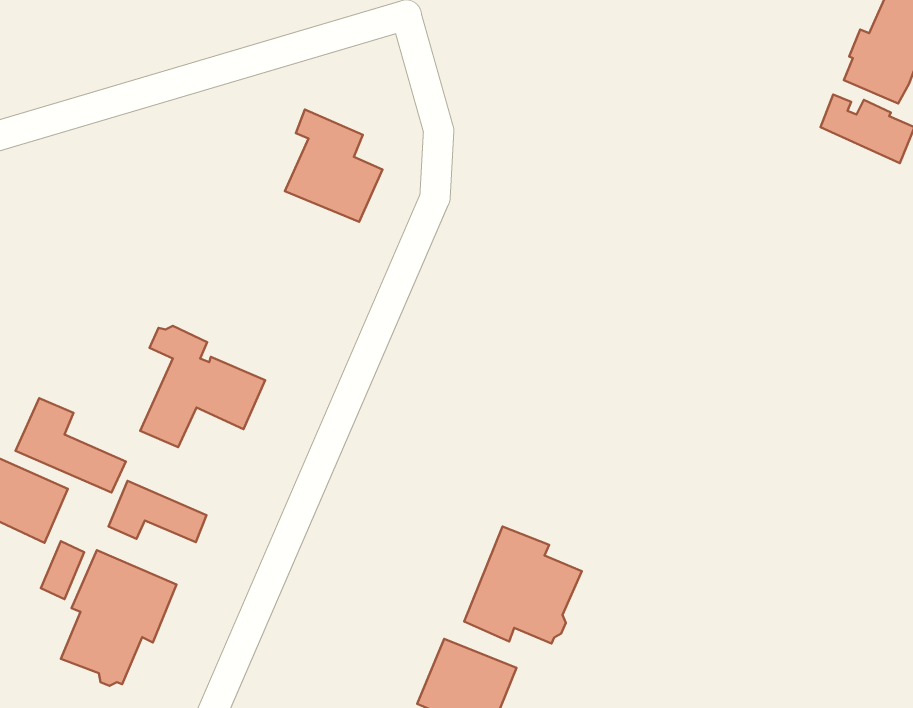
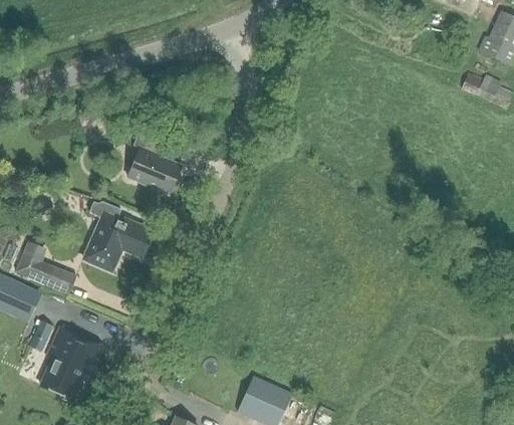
building: [285,110,383,222] -> [125,132,180,194]
building: [108,481,207,542] -> none
building: [464,527,582,644] -> none

